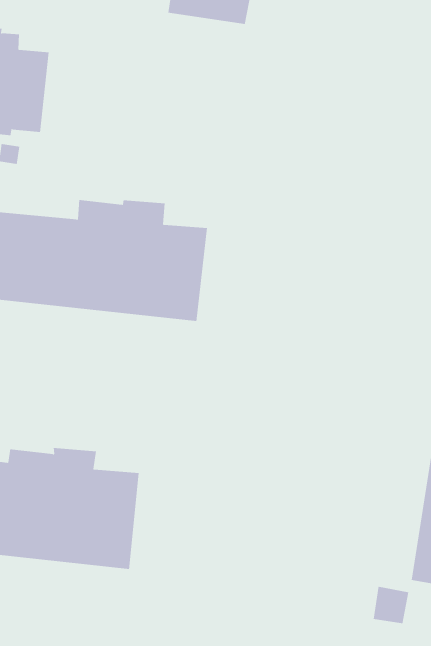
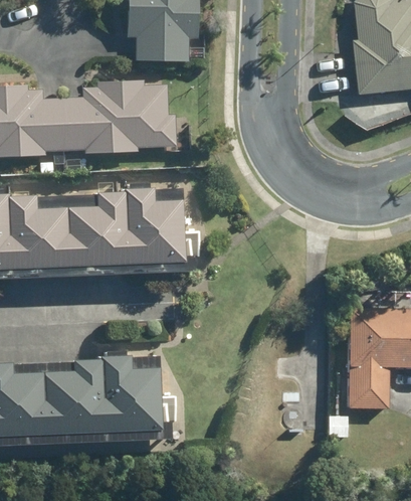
building: none -> [62,81,177,154]

